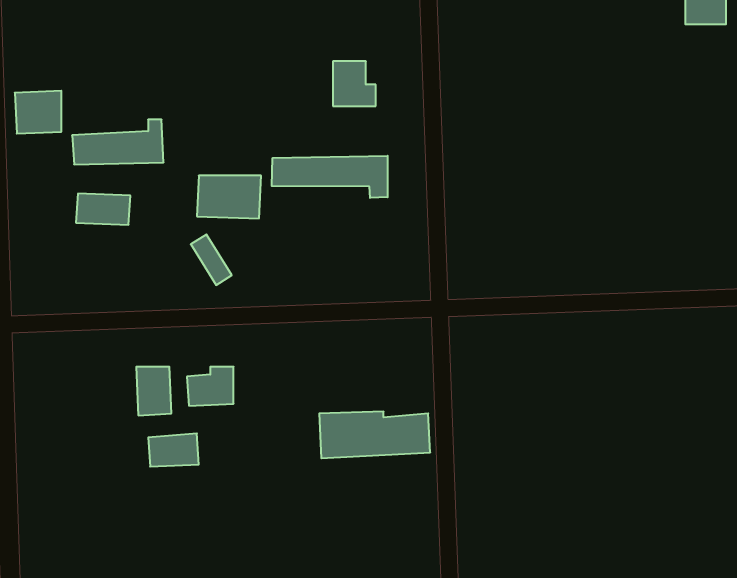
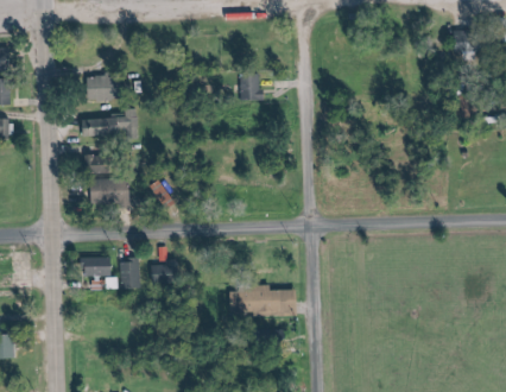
building: [15,91,61,134] -> [86,75,114,101]
building: [272,156,388,198] -> none
building: [197,176,261,218] -> [90,179,129,206]
building: [148,433,199,467] -> [80,257,110,277]

